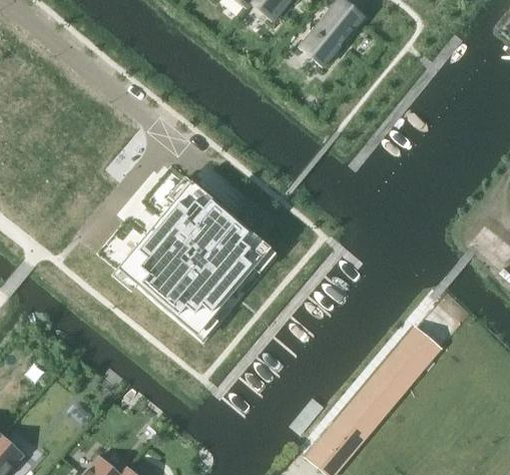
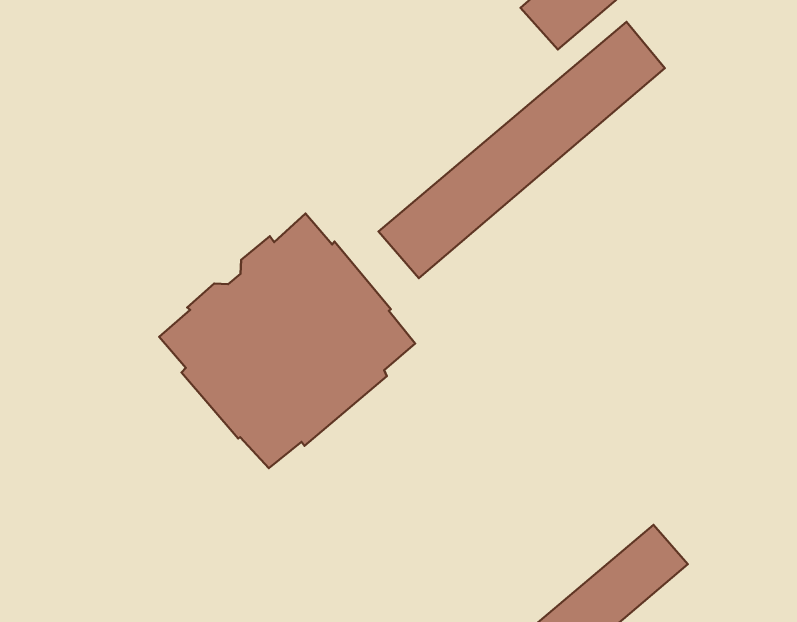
building: none -> [378,22,665,278]

